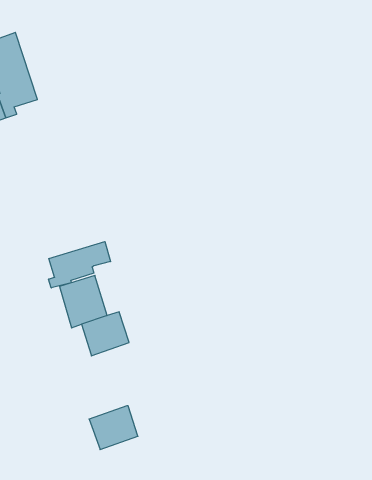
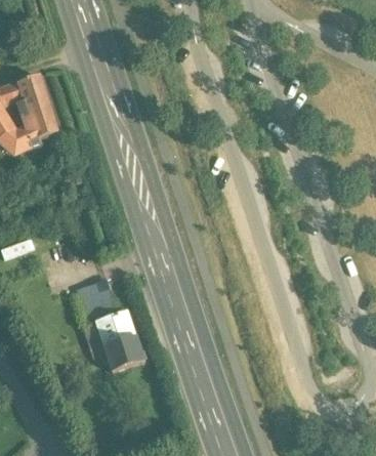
building: [49,242,111,288] -> none
building: [89,406,138,450] -> [103,335,144,372]

